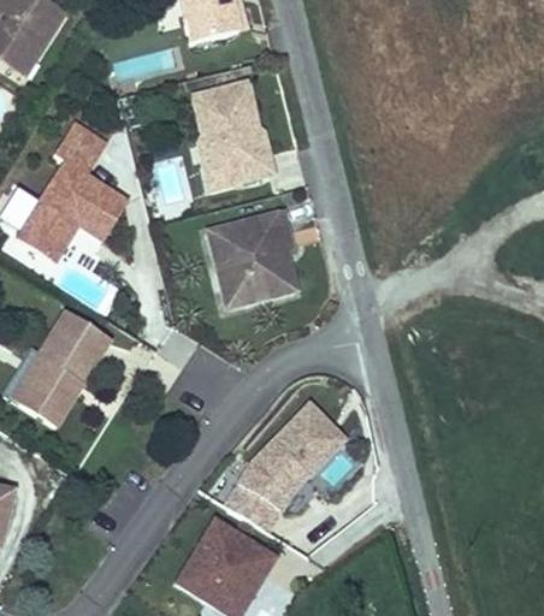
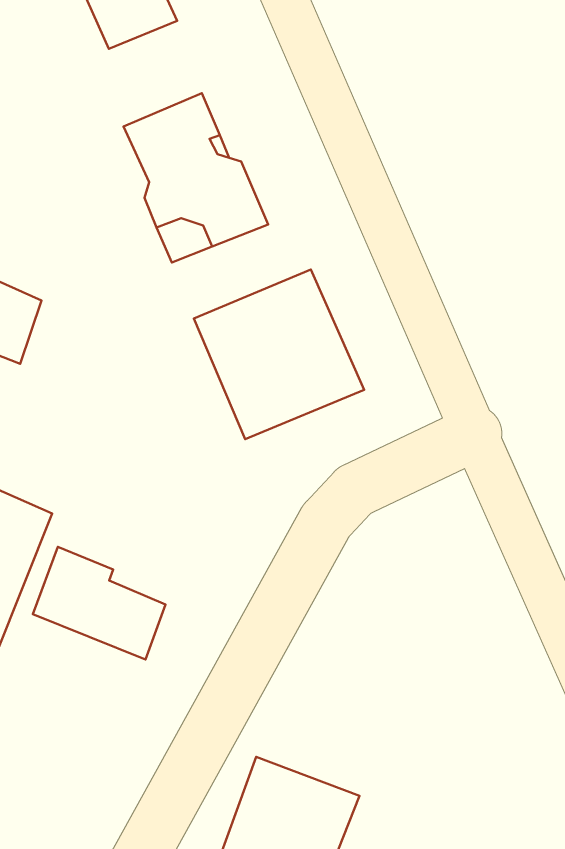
building: none -> [33,547,165,659]
building: [225,401,341,525] -> none

